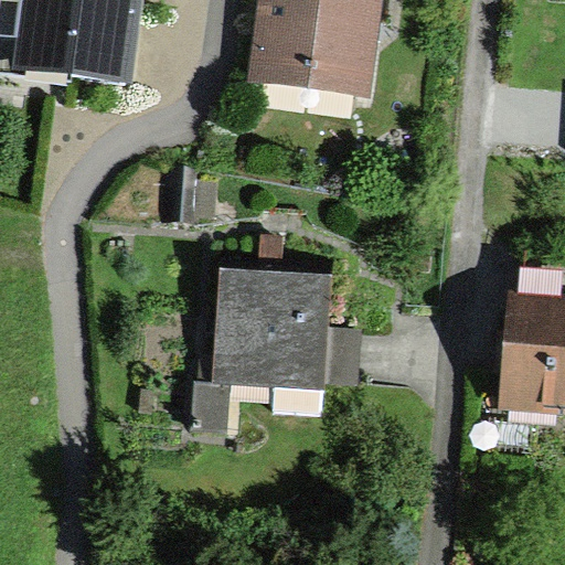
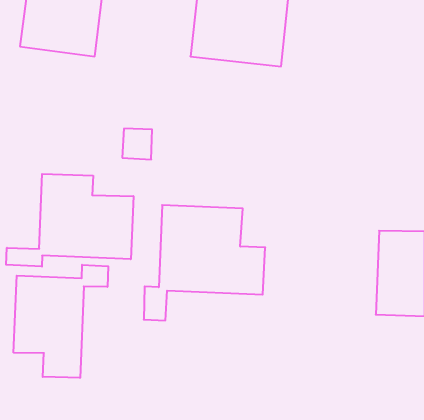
building: none -> [6,174,133,267]
building: none -> [14,265,108,378]

